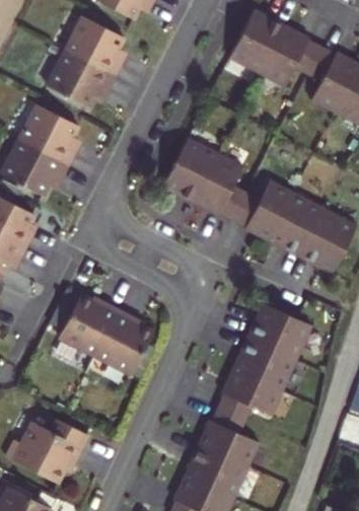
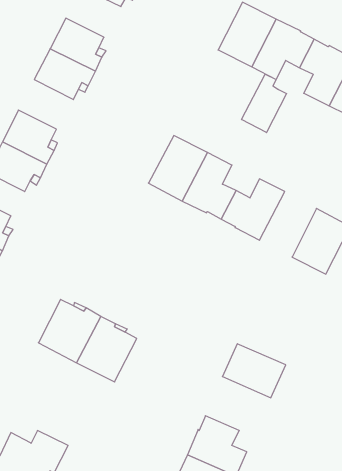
building: none -> [242,74,287,133]
building: [269,193,324,256] -> none
building: [247,304,309,359] -> none
building: [217,370,280,422] -> none

